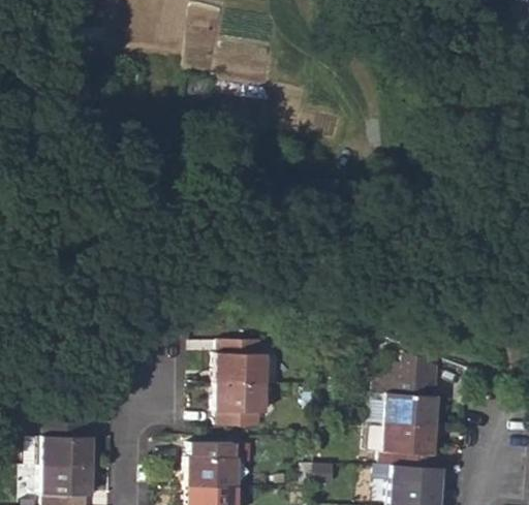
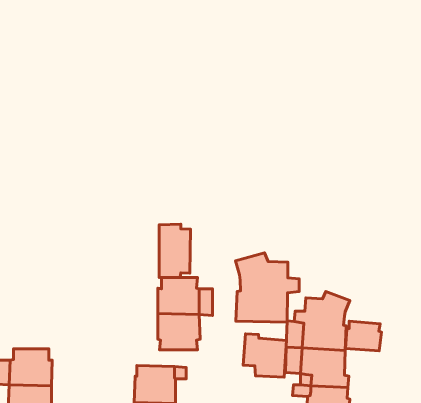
building: none -> [159,224,190,278]
building: none -> [236,253,299,322]
building: none -> [345,321,382,351]
building: none -> [243,334,287,377]

